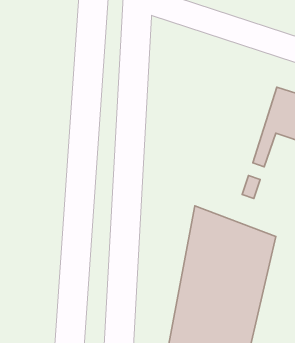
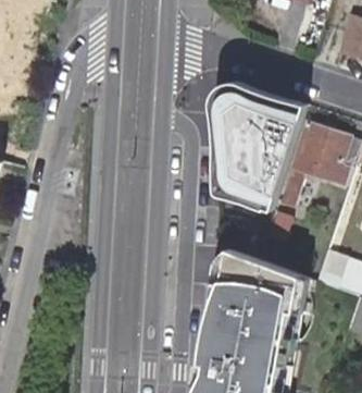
building: none -> [213,78,307,206]

